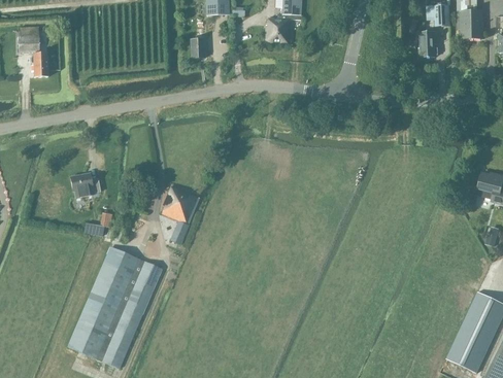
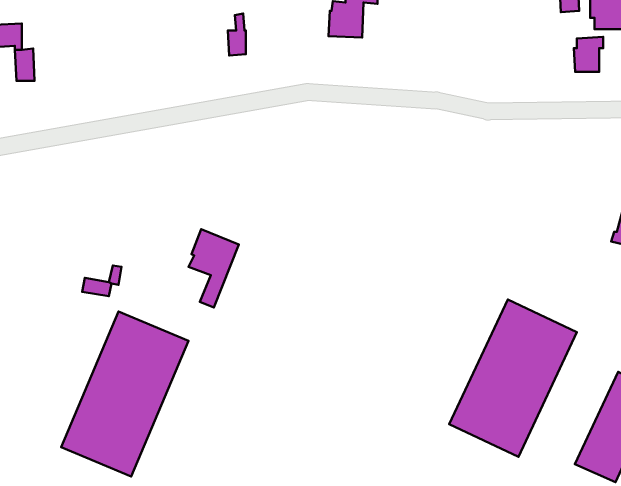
building: [415,32,437,58] -> [574,37,603,72]
building: [70,172,101,197] -> none
building: none -> [449,300,577,457]

